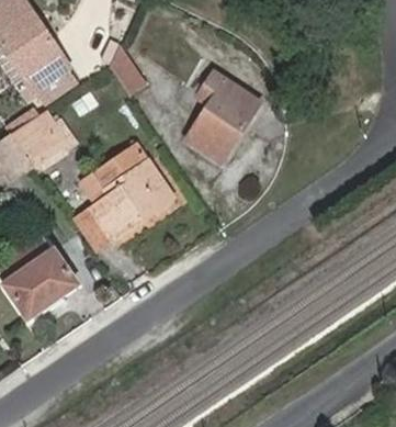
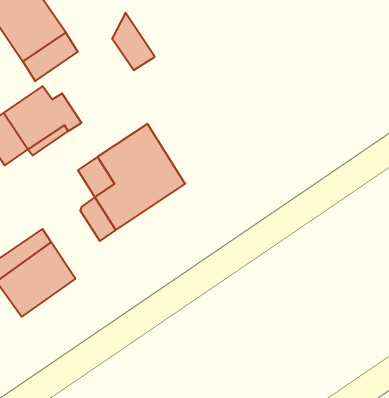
building: [189,72,259,161] -> none

